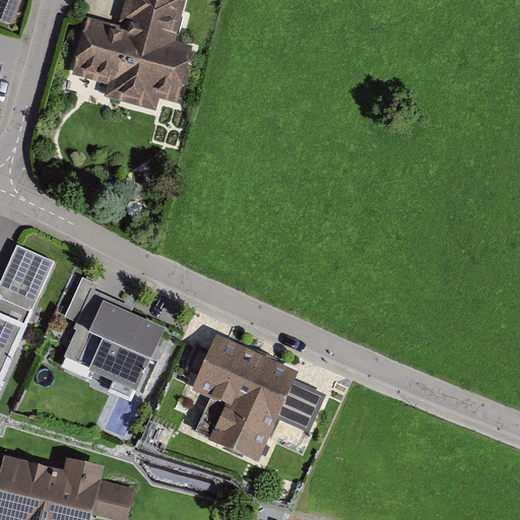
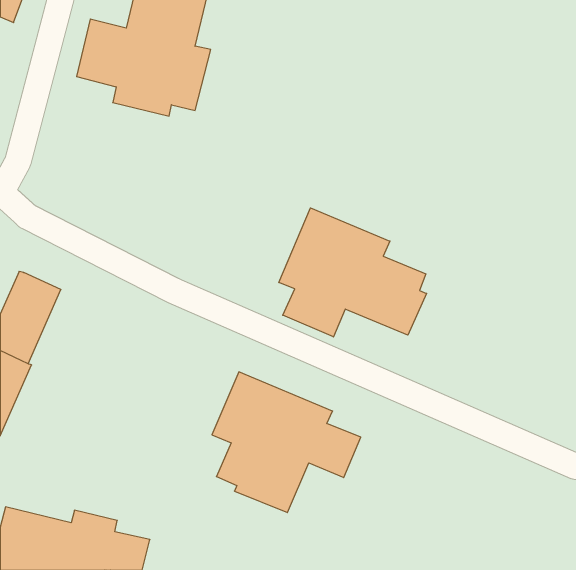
building: none -> [279,208,427,337]
building: [57,291,156,391] -> none

